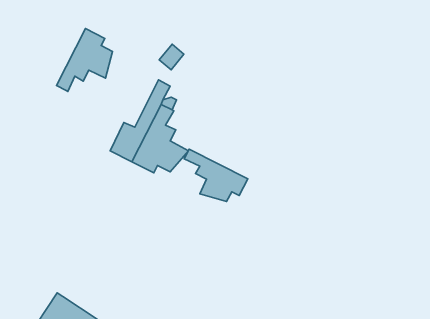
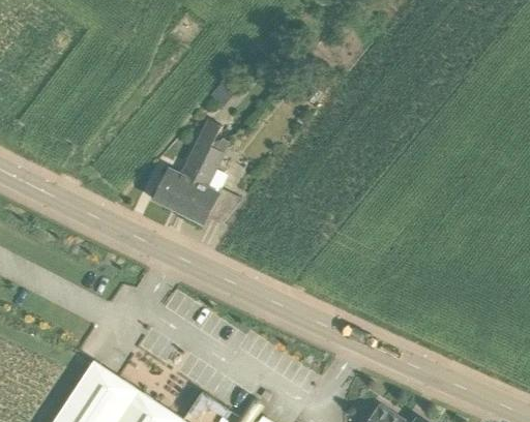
building: [57,28,112,91] -> none
building: [184,149,248,202] -> none

